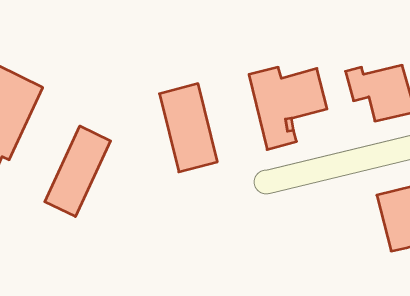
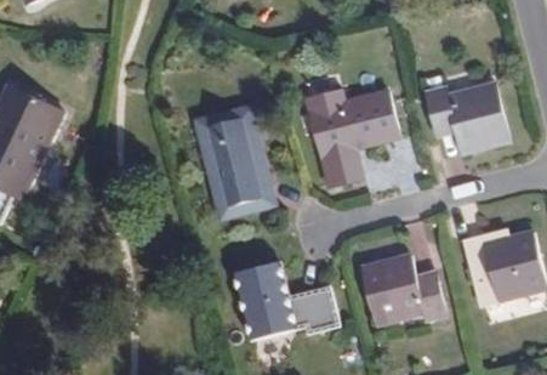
building: [45,126,111,217] -> none
building: none -> [360,256,444,324]
building: none -> [234,262,335,336]

